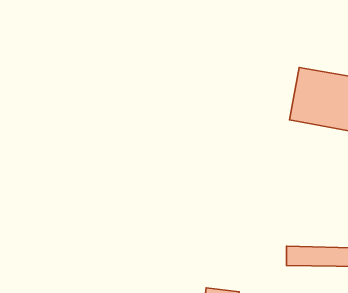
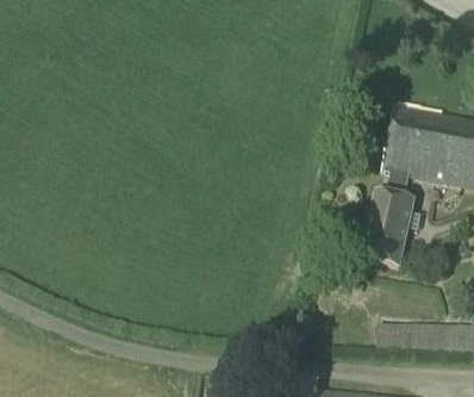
building: none -> [363,193,414,267]

